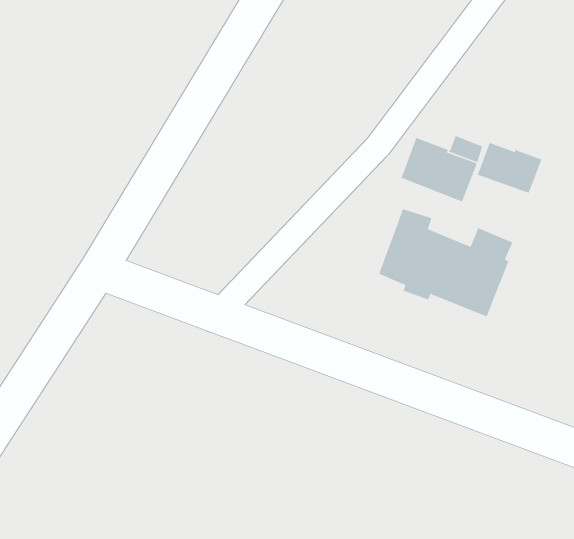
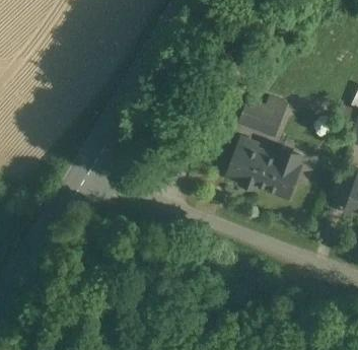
building: [477,142,543,194] -> none

